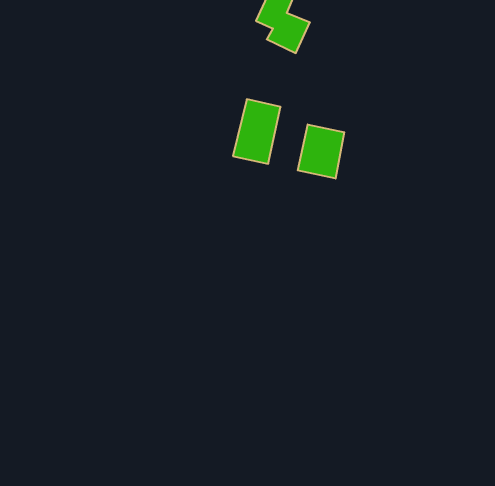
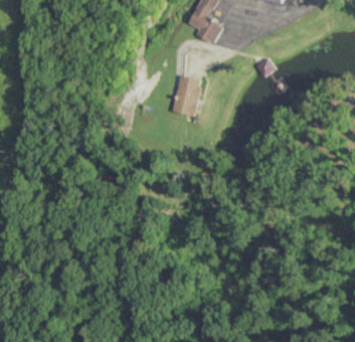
building: [298,124,344,179] -> none

